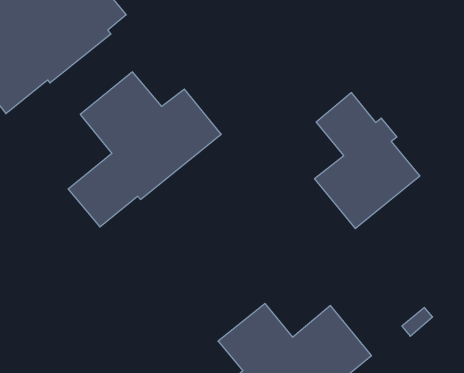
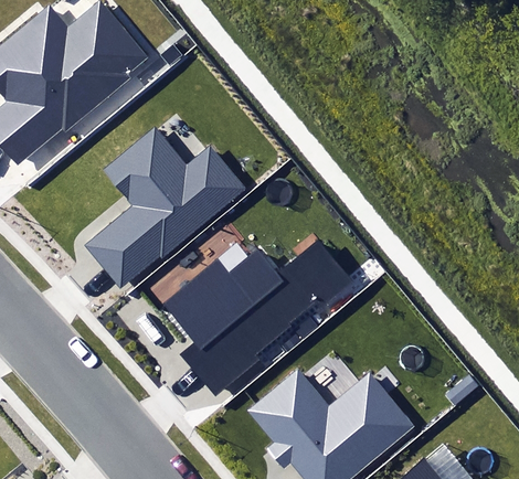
building: [315,93,420,229] -> none
building: none -> [162,239,352,395]

